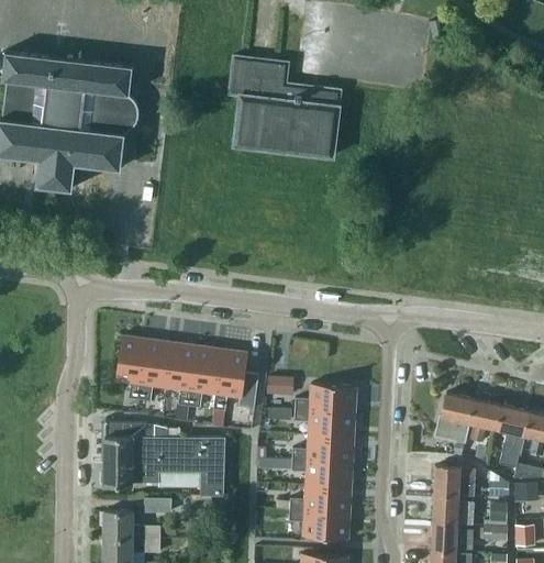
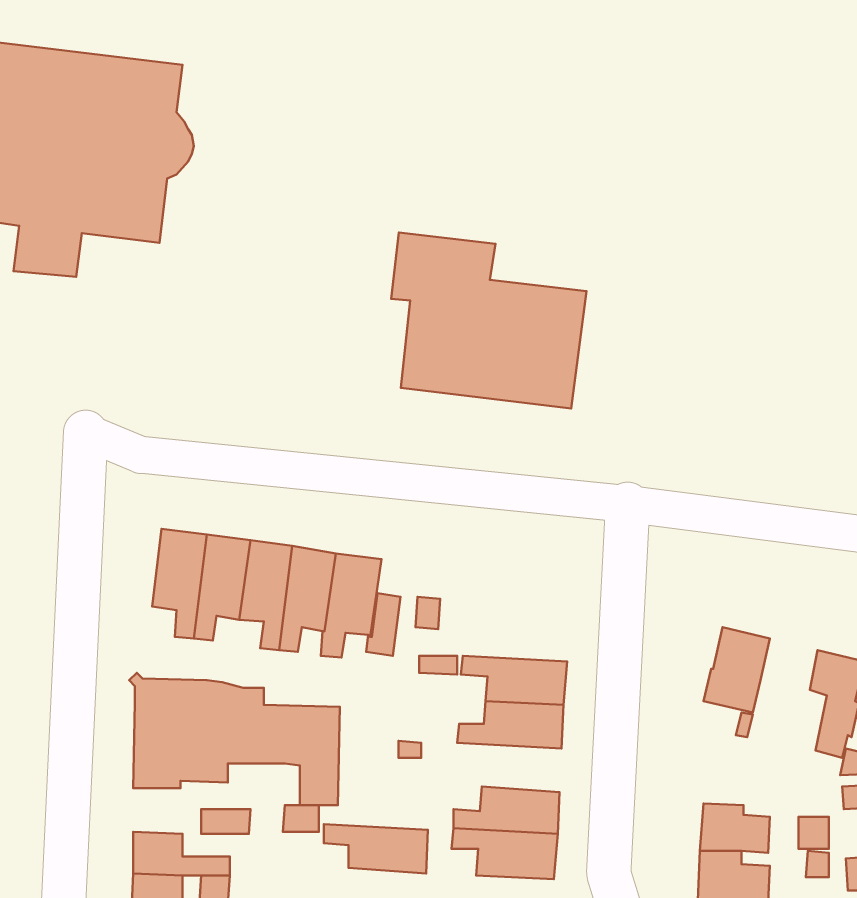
building: [227,56,341,158] -> [391,232,586,409]
building: [295,384,356,412] -> none
building: [467,399,500,442] -> none
building: [291,460,352,488] -> [324,824,428,874]
building: [434,466,475,497] -> none

